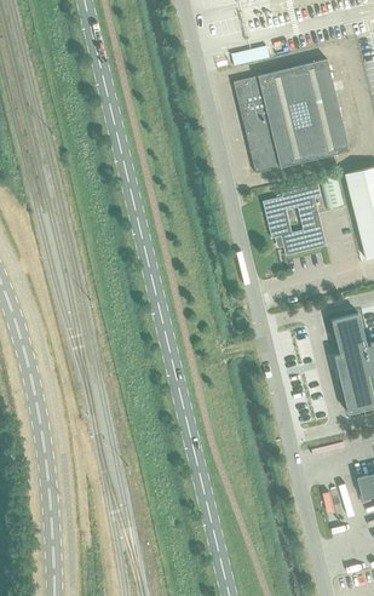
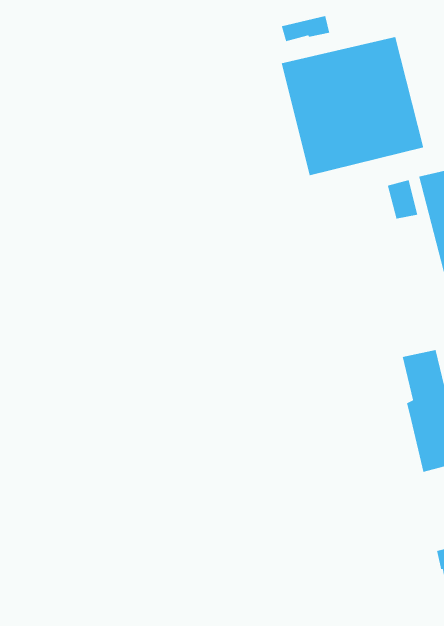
building: [261,180,326,256] -> none

